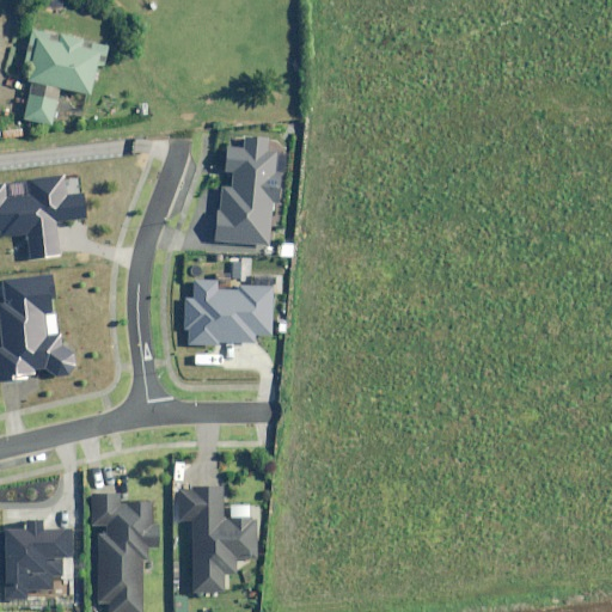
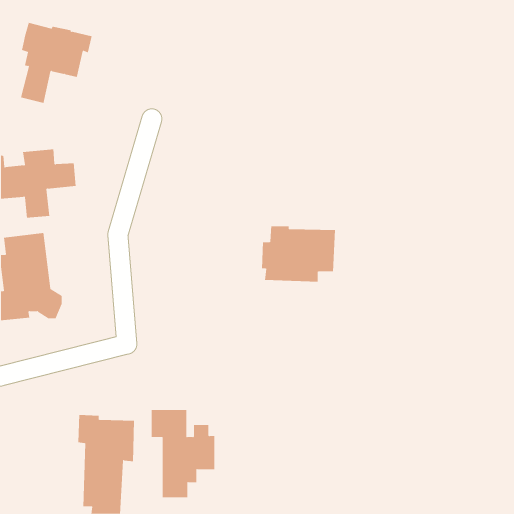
building: [215,139,279,245] -> none
building: [184,280,273,347] -> [261,226,336,282]
building: [5,521,67,599] -> none

